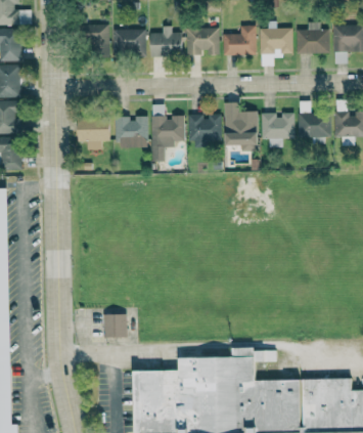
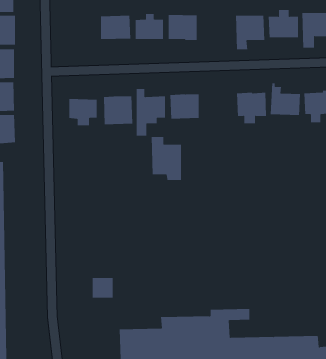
building: [86,24,109,53] -> none
building: [223,25,256,54] -> none
building: [224,102,258,150] -> [151,137,182,181]

